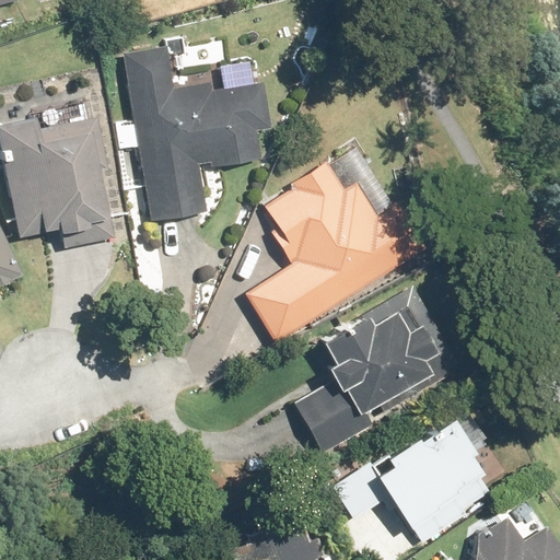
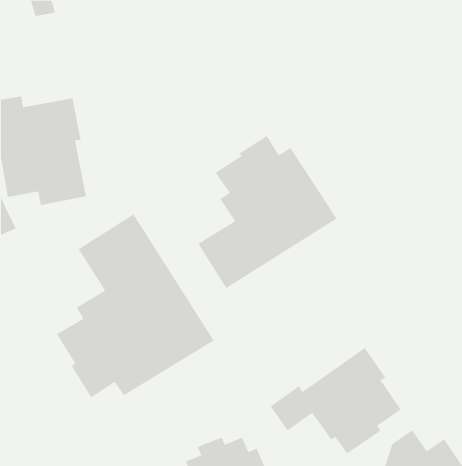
building: [122,46,272,219] -> none
building: none -> [56,213,214,398]
building: [290,290,454,452] -> none

